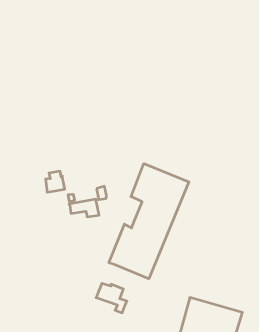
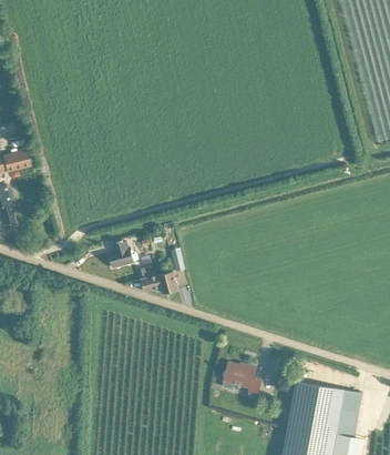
building: [109,164,189,279] -> none
building: [96,283,127,313] -> [224,362,261,395]

